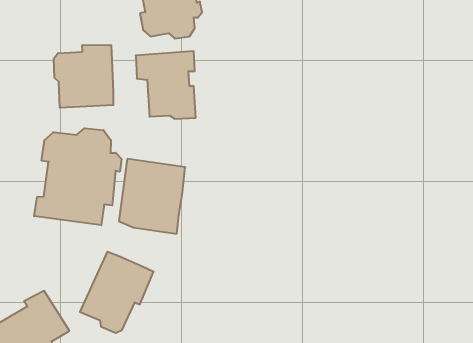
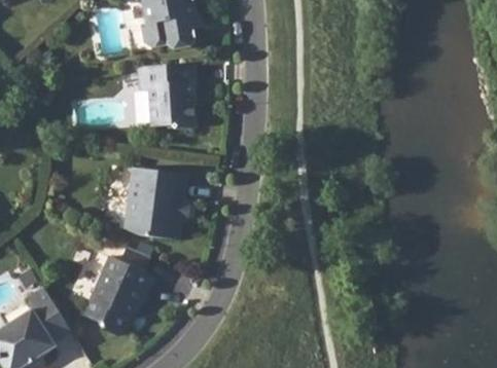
building: [54,45,113,108] -> none
building: [34,128,122,225] -> none

